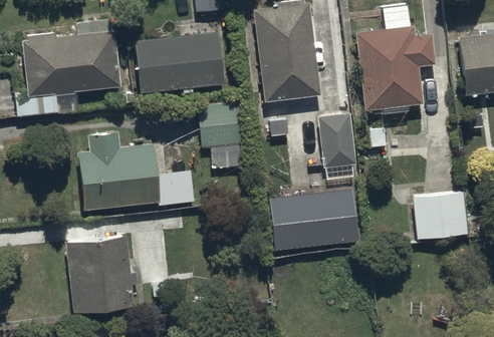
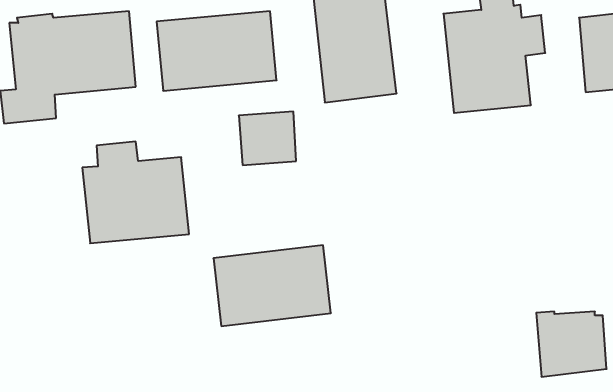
building: [317,113,356,170] -> none
building: [413,191,467,241] -> [536,312,607,377]
building: [270,195,360,257] -> [213,245,331,326]
building: [64,233,153,312] -> none

